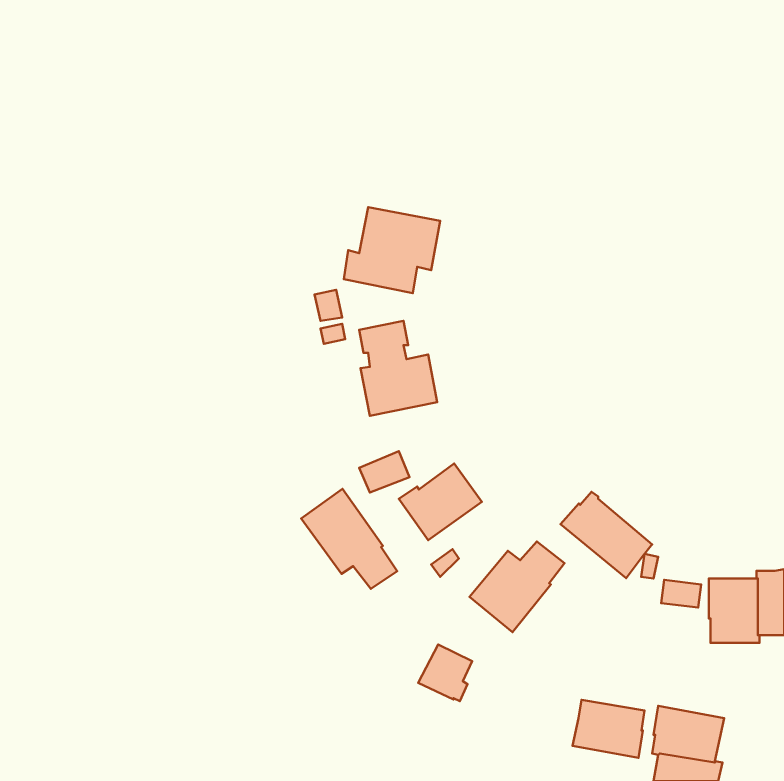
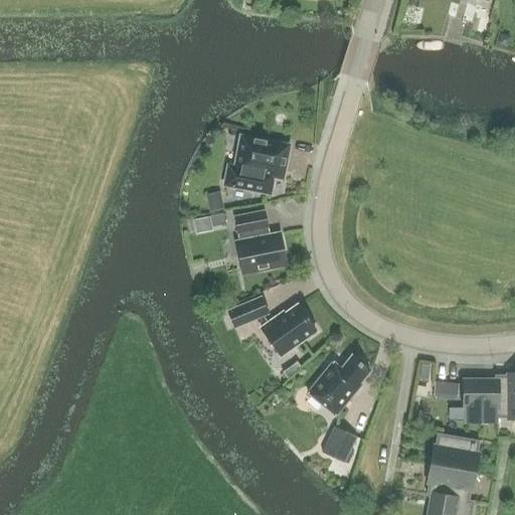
building: [301,489,397,589] -> none
building: [561,492,652,578] -> none
building: [418,644,472,701] -> [322,425,357,463]
building: [572,700,644,758] -> [432,433,479,471]

